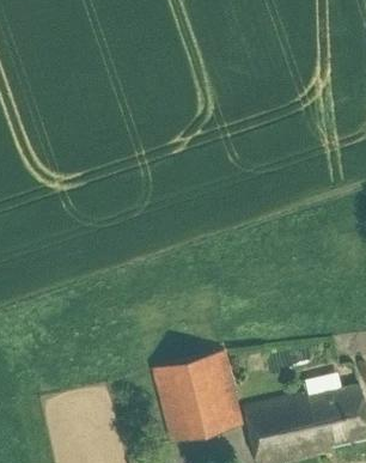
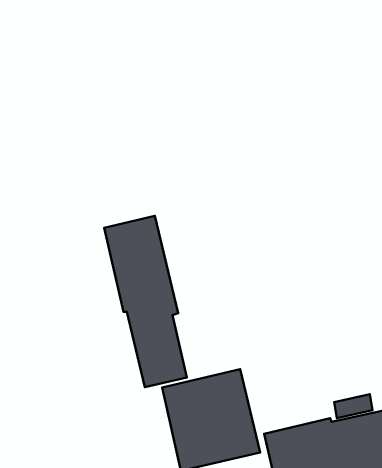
building: none -> [104,216,187,387]

